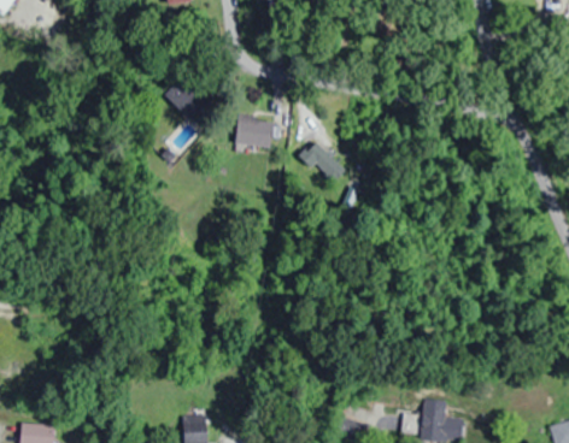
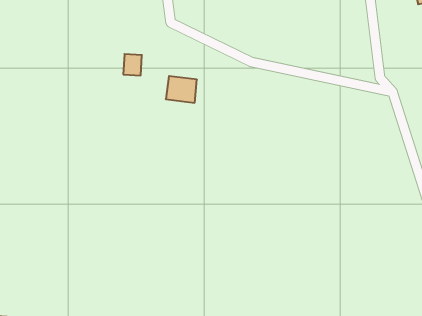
building: [300,140,347,184] -> none

